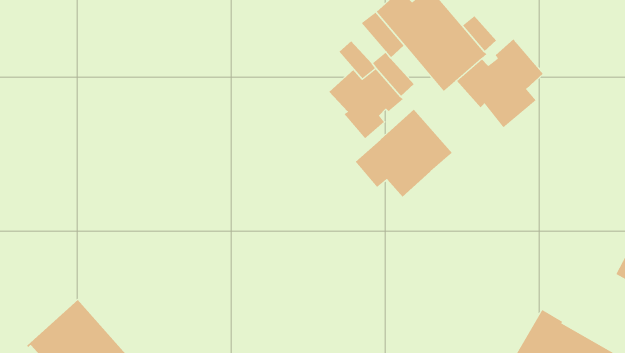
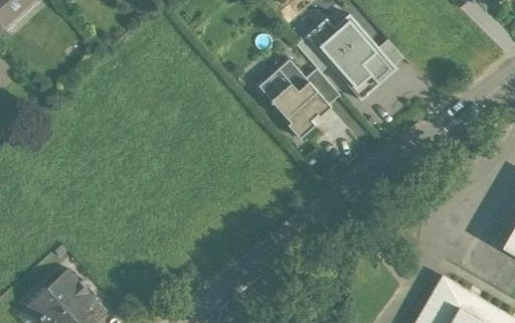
building: [456,38,544,128] -> none
building: none -> [258,68,290,101]
building: [355,109,453,198] -> none

